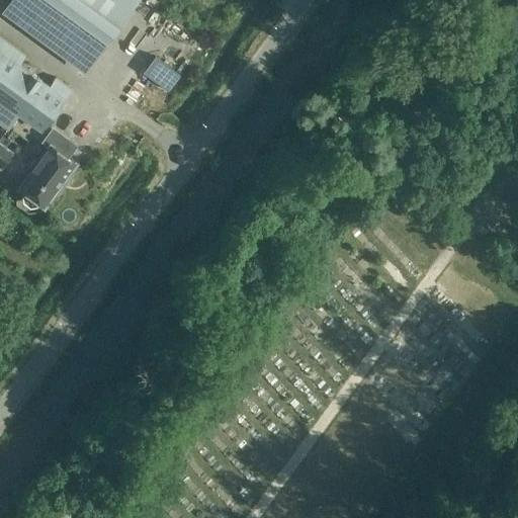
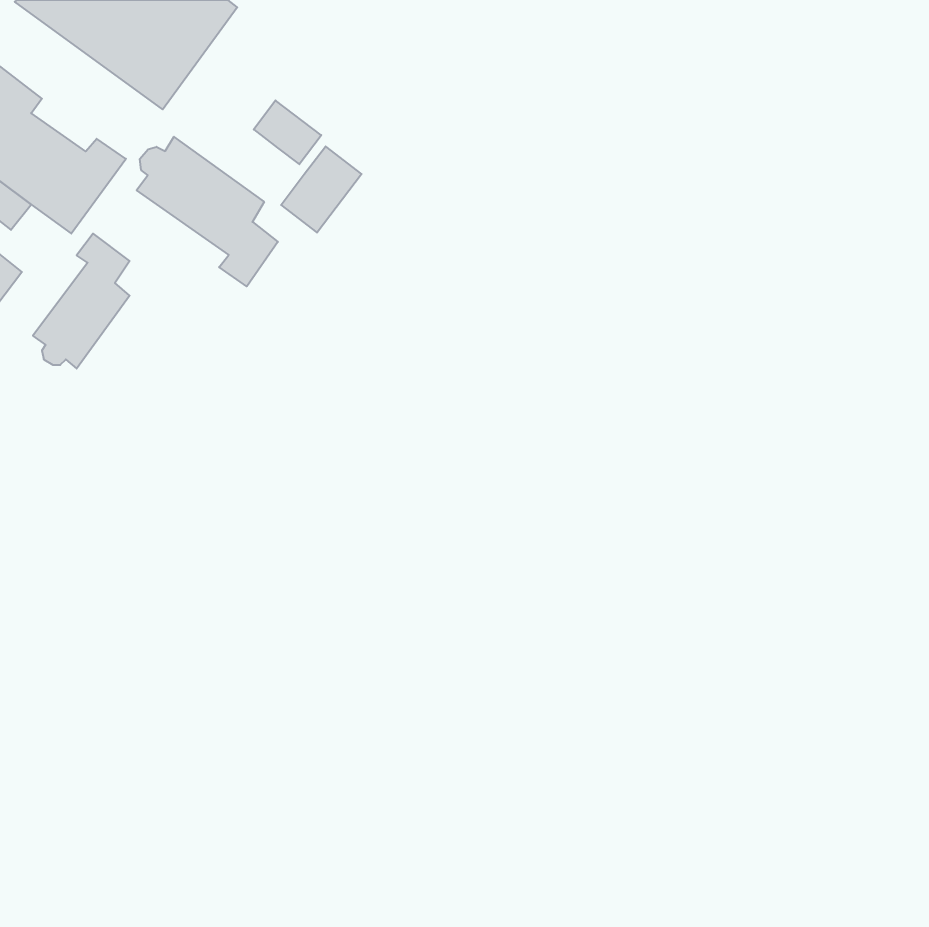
building: none -> [137,137,278,286]
building: none -> [281,146,362,233]

